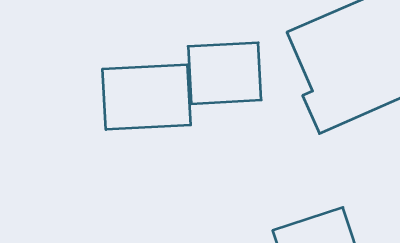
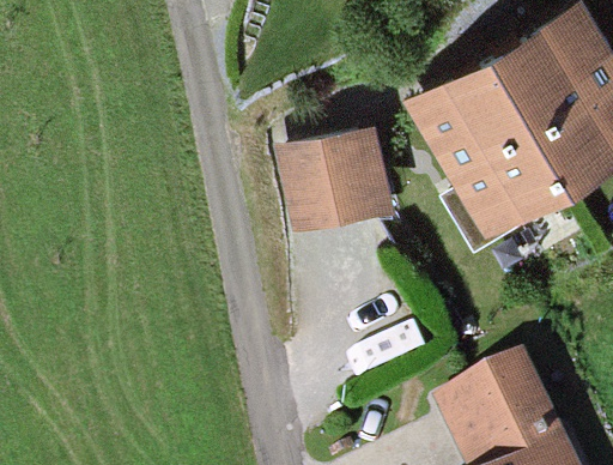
building: [103,65,191,130] -> none

